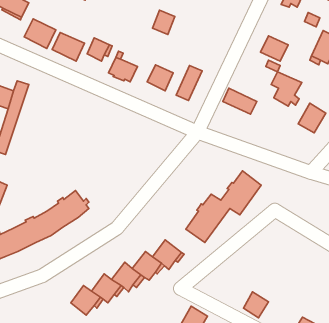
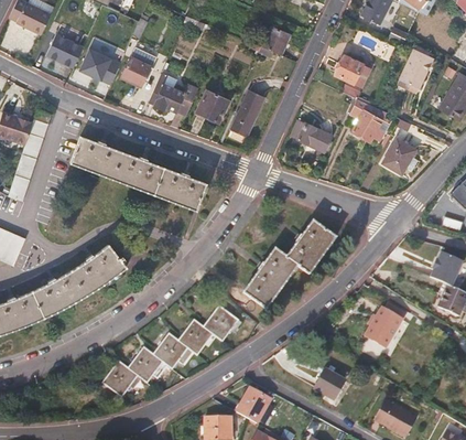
building: [152,10,175,34] -> [262,25,290,55]
building: none -> [72,137,205,210]
building: none -> [365,308,402,348]

